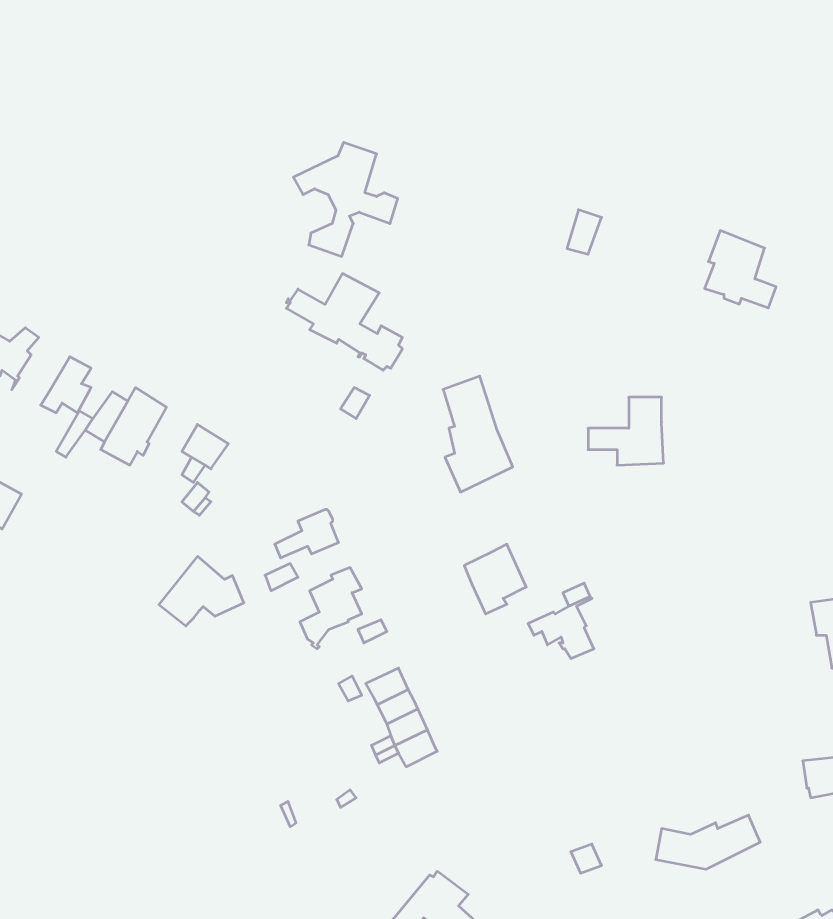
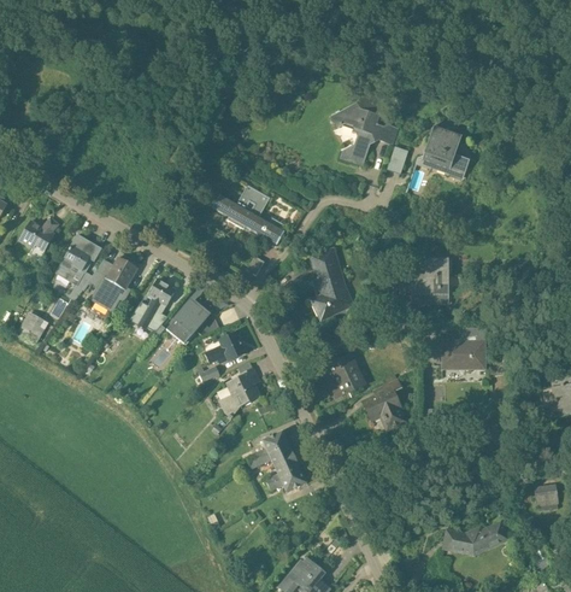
building: [293,142,398,256] -> [331,93,396,164]
building: [705,231,776,308] -> [424,124,469,172]
building: none -> [442,328,485,369]
building: [159,556,244,626] -> [166,299,219,342]

